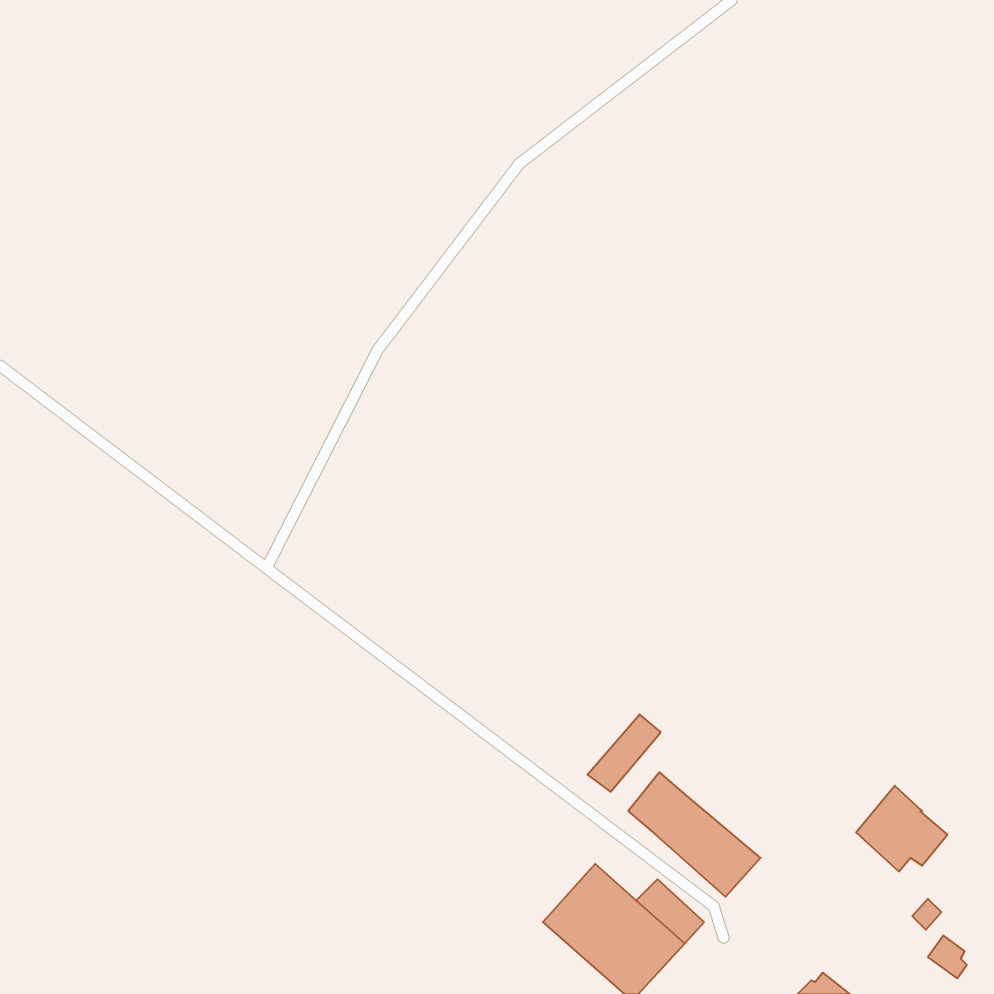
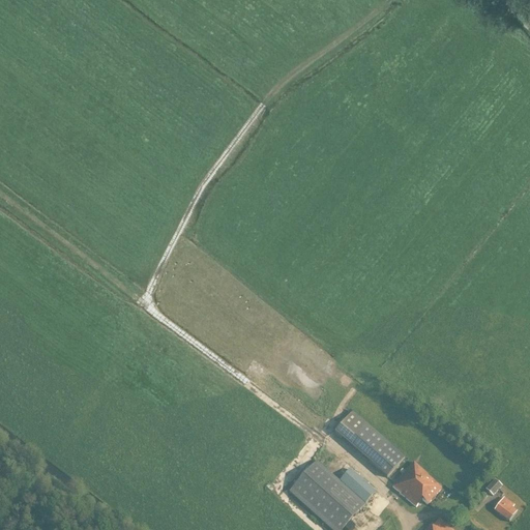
building: [587,714,661,792] -> none
building: [856,786,947,871] -> [392,461,441,506]

